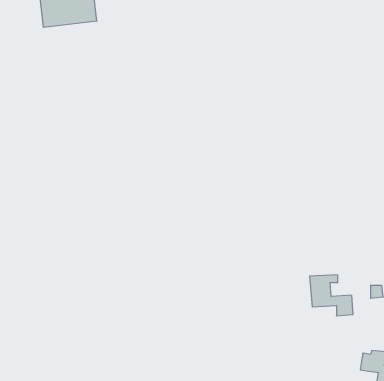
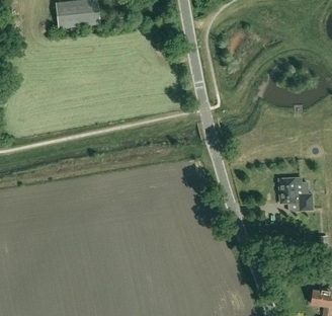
building: [310,275,353,316] -> [278,177,313,210]

